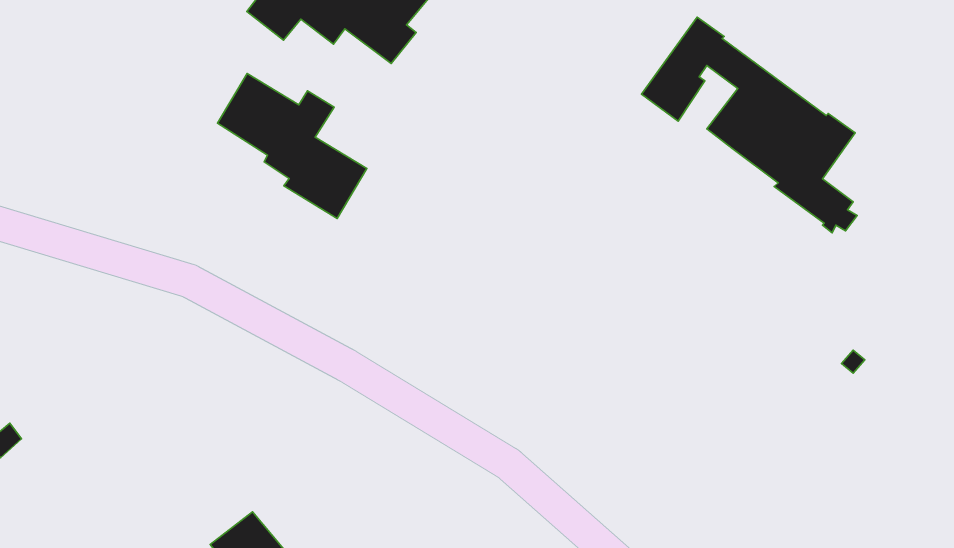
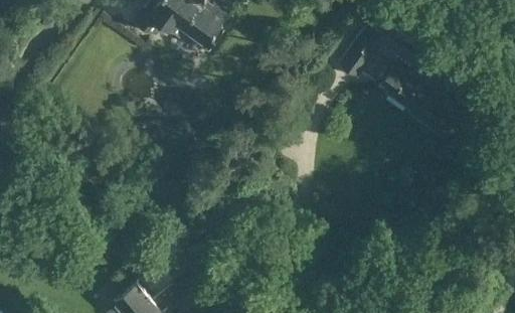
building: [218,73,367,218] -> none

